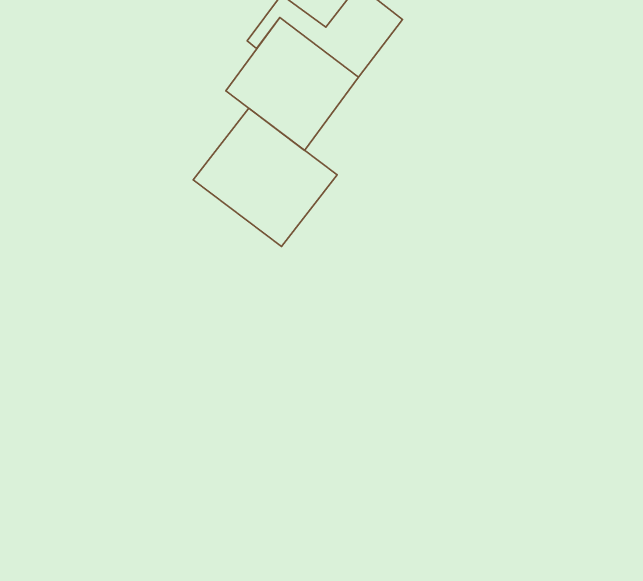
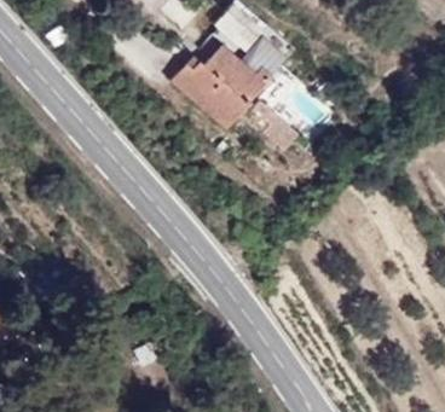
building: [193,108,337,247] -> none

